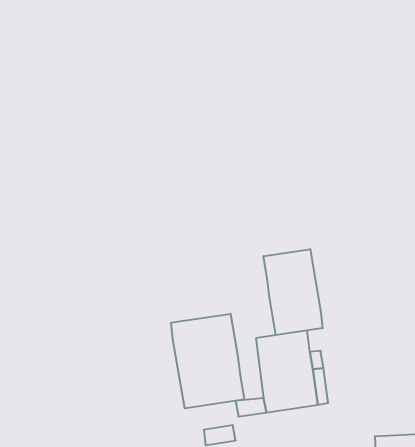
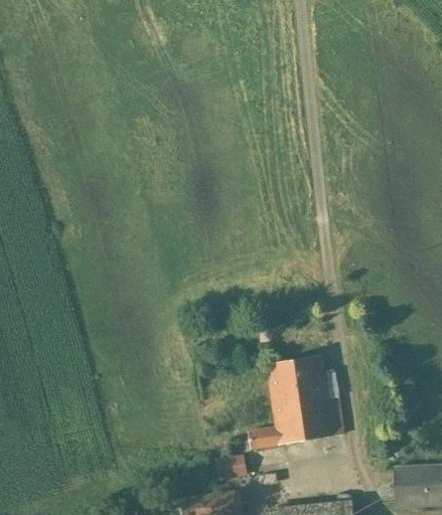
building: [263,249,323,335] -> none
building: [171,314,244,408] -> none

